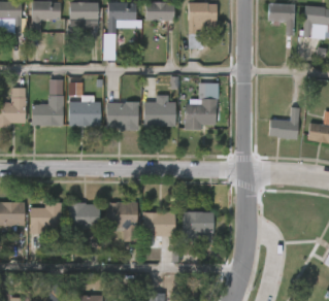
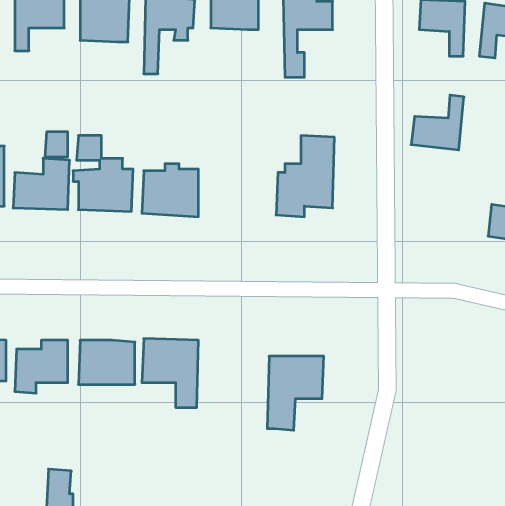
building: [143,102,175,127] -> none
building: [268,107,299,139] -> [411,95,464,150]
building: [142,212,174,236] -> none

